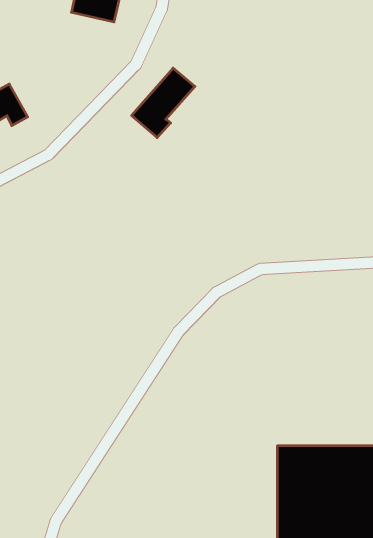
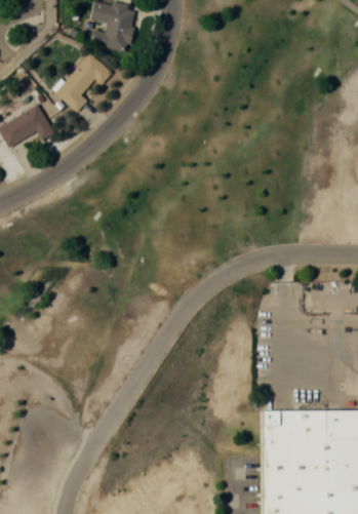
building: [132,68,195,138] -> [54,53,108,112]

